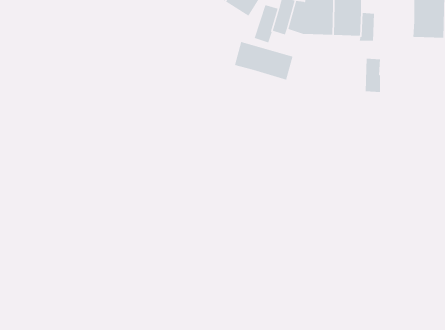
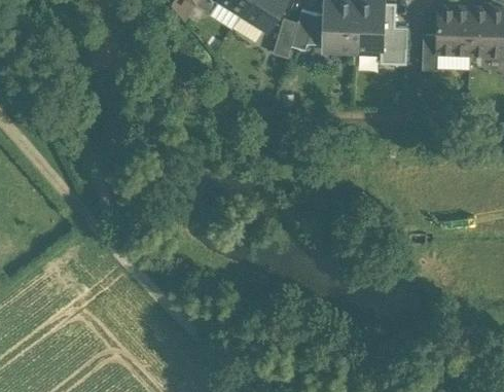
building: [234,41,293,81] -> none
building: [365,58,381,93] -> [424,33,440,69]

